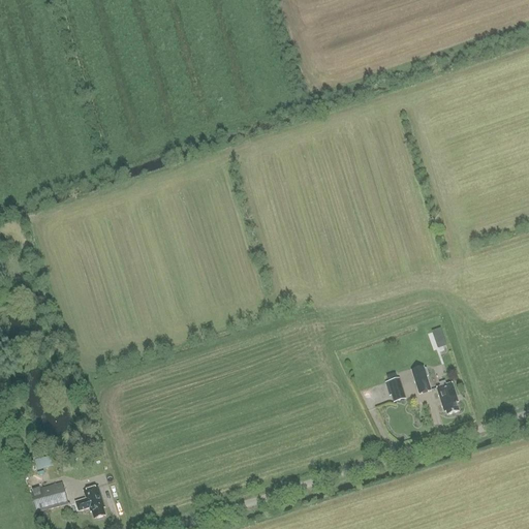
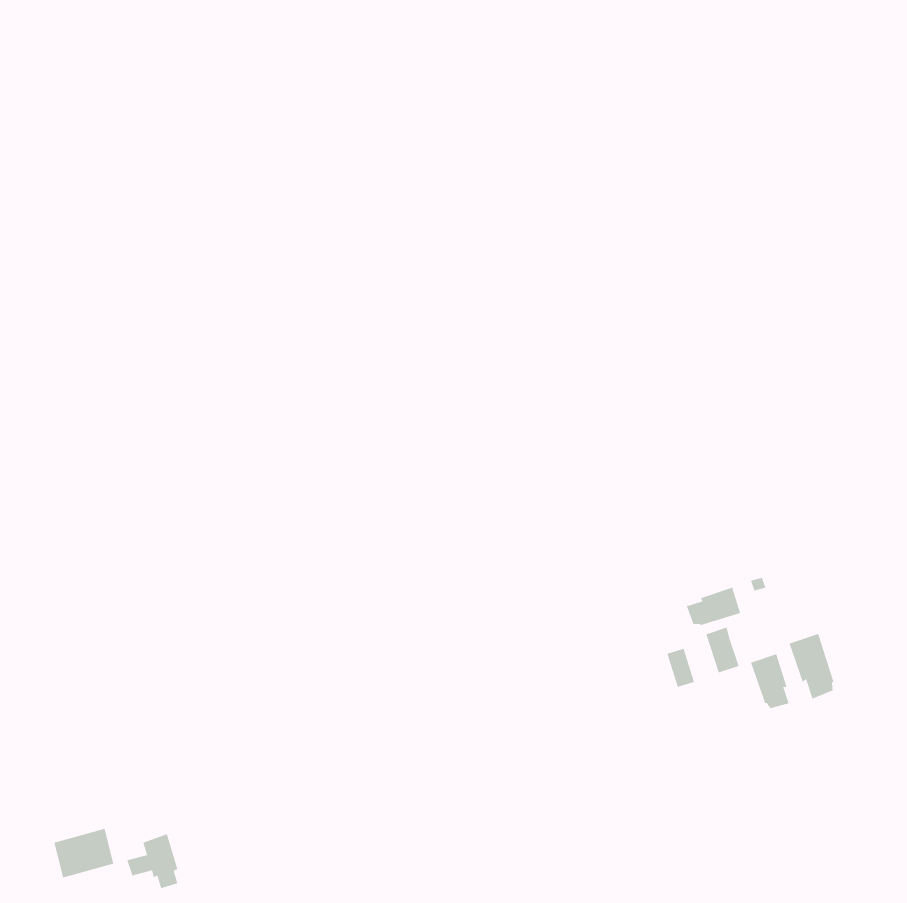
building: none -> [686,587,741,626]
building: none -> [789,633,834,699]

